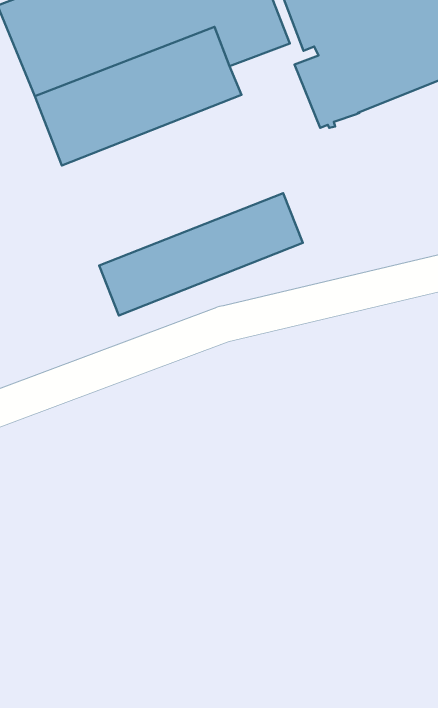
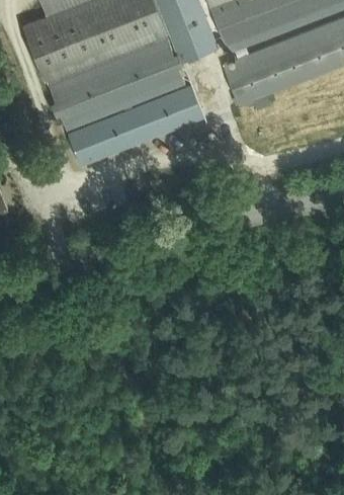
building: [99,193,303,315] -> [67,82,203,164]

